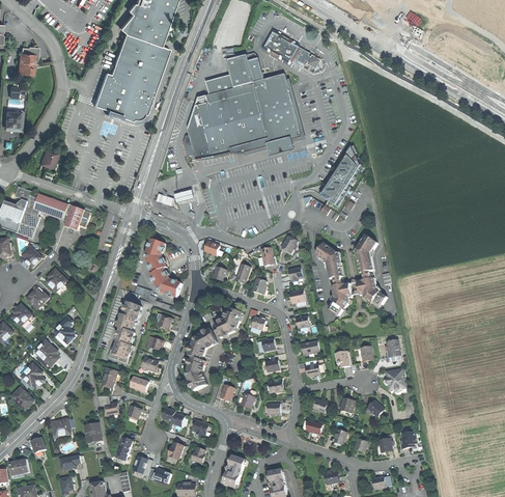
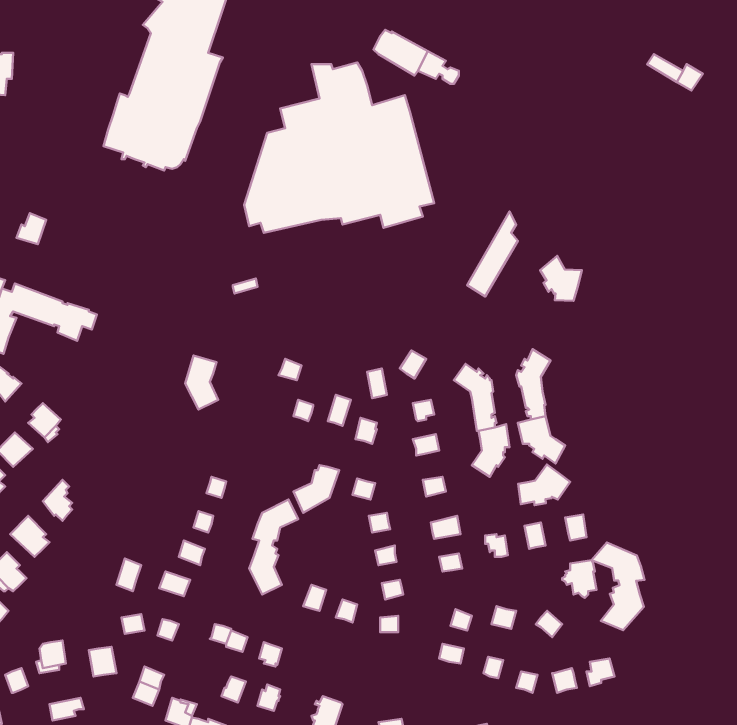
building: none -> [540,256,582,301]
building: [150,268,180,297] -> none
building: [107,302,141,362] -> none
building: none -> [518,465,570,505]
building: none -> [592,543,645,630]

